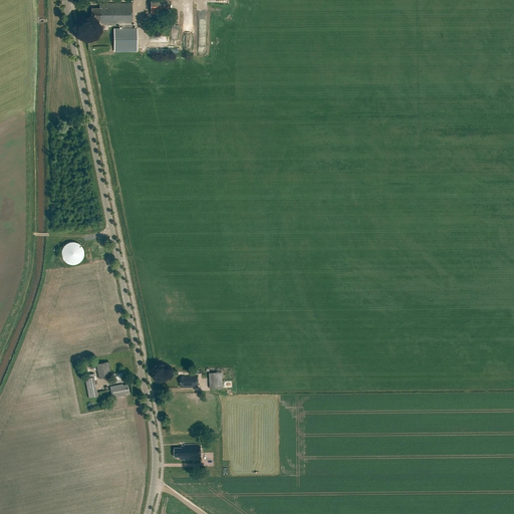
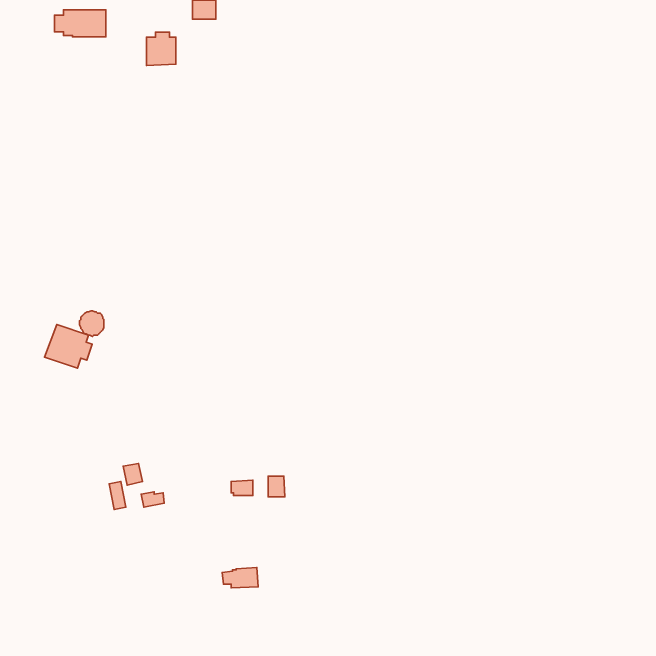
building: [92,4,133,25] -> [55,10,106,37]
building: none -> [44,325,92,368]

